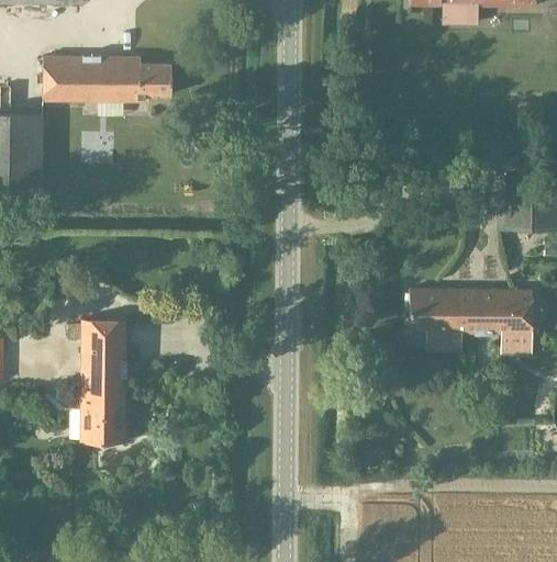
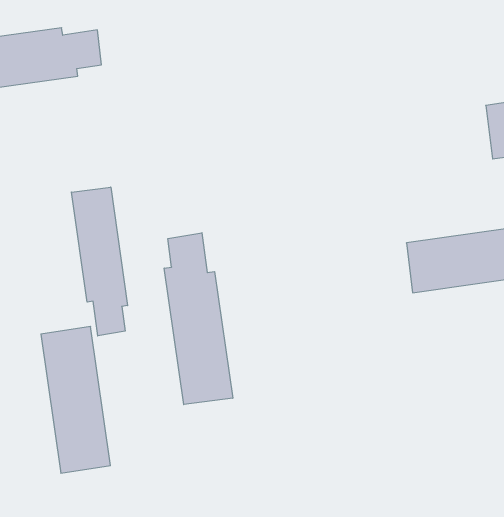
building: none -> [71,187,128,336]
building: none -> [164,233,233,405]

